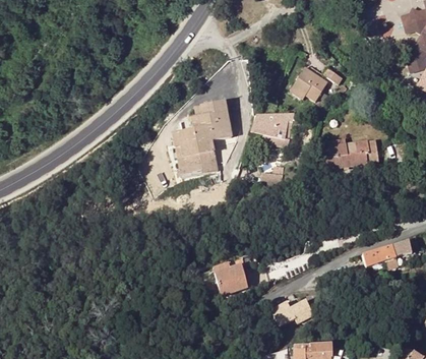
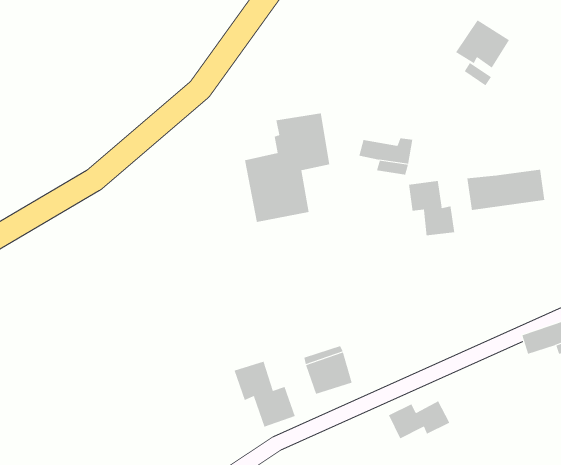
building: [290,67,327,101] -> [455,19,510,68]
building: none -> [408,180,455,236]
building: none -> [234,361,295,427]

